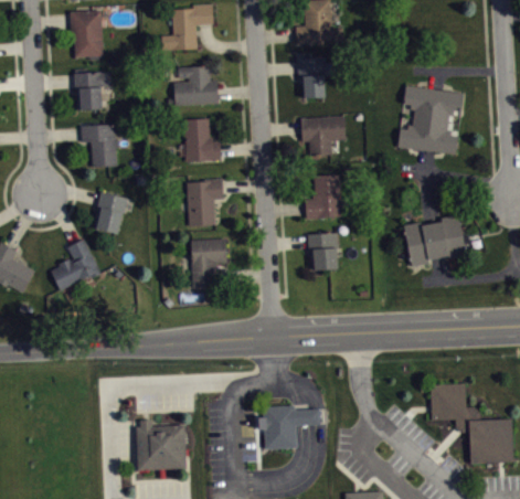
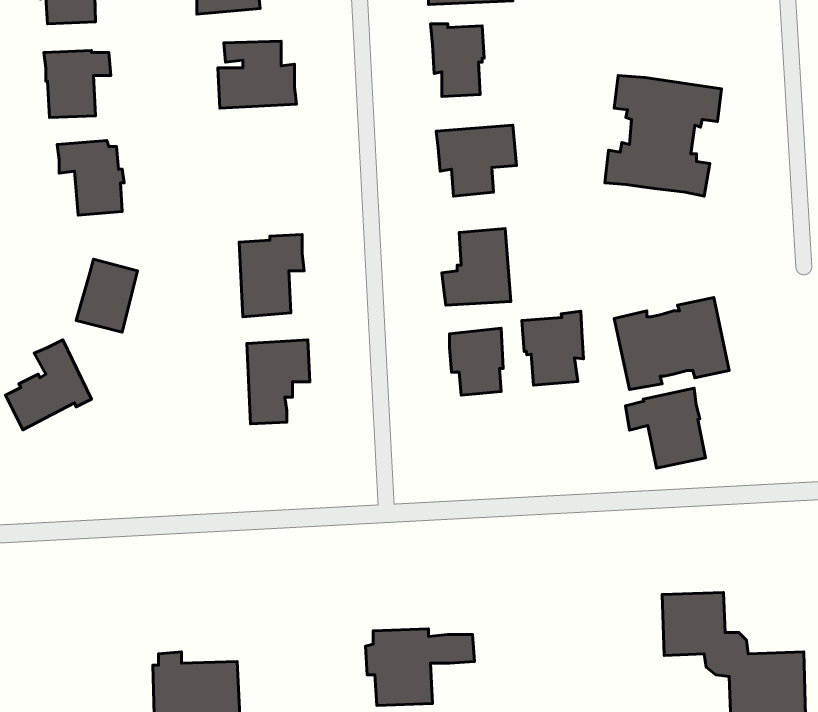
building: [183,118,221,161] -> none
building: none -> [522,311,584,385]
building: none -> [625,388,705,468]

